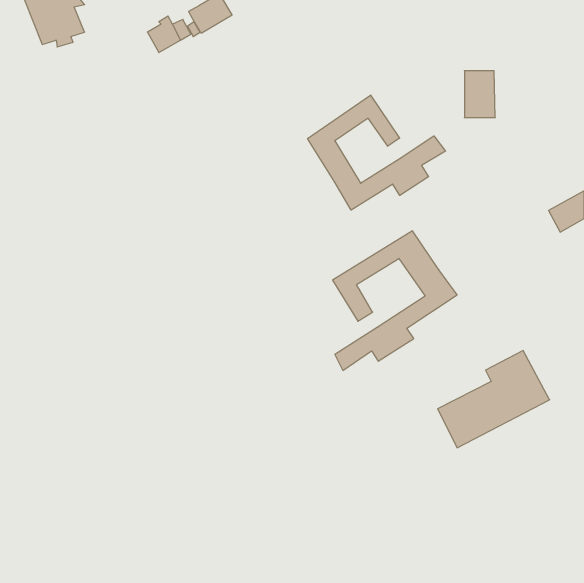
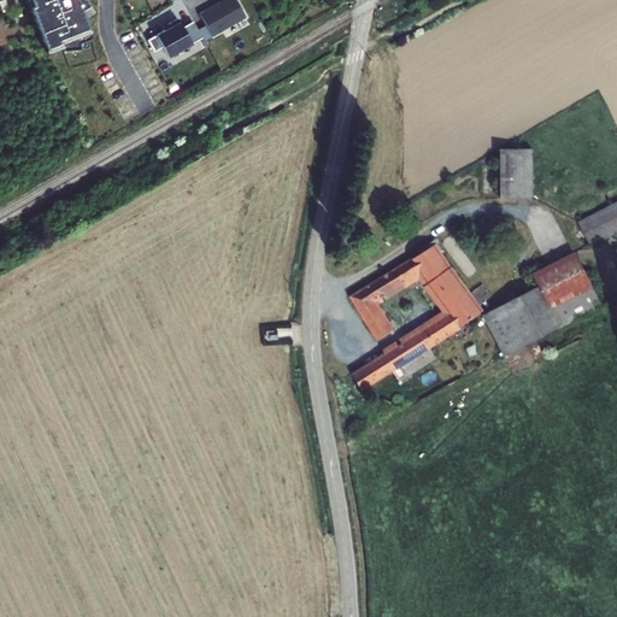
building: [464,71,495,118] -> [500,148,533,198]
building: [308,95,446,210] -> none
building: [438,351,550,448] -> [483,253,601,355]

